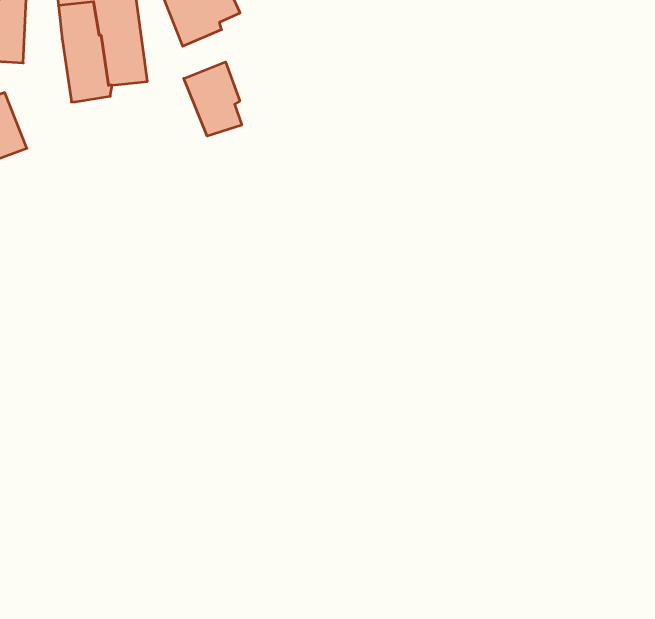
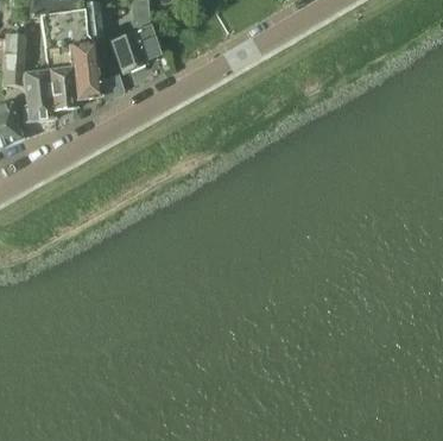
building: none -> [23,68,55,120]
building: [184,62,242,136] -> none

